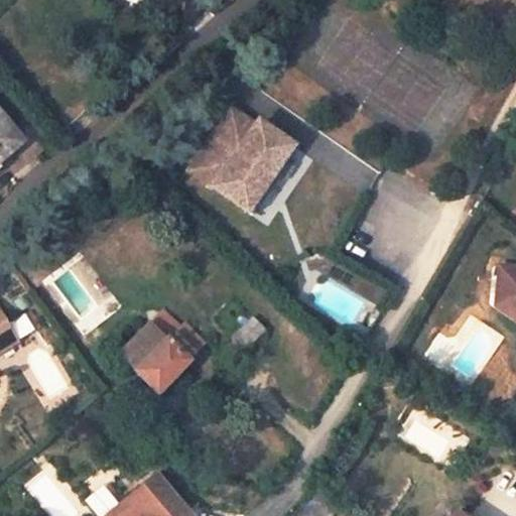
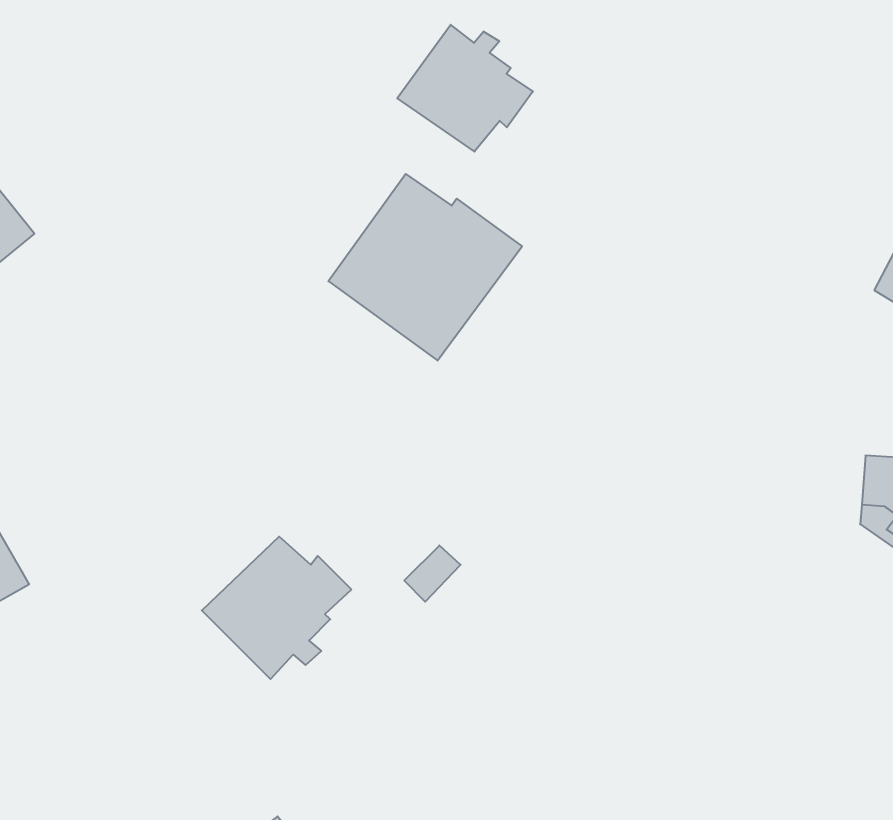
building: none -> [397,25,533,152]

